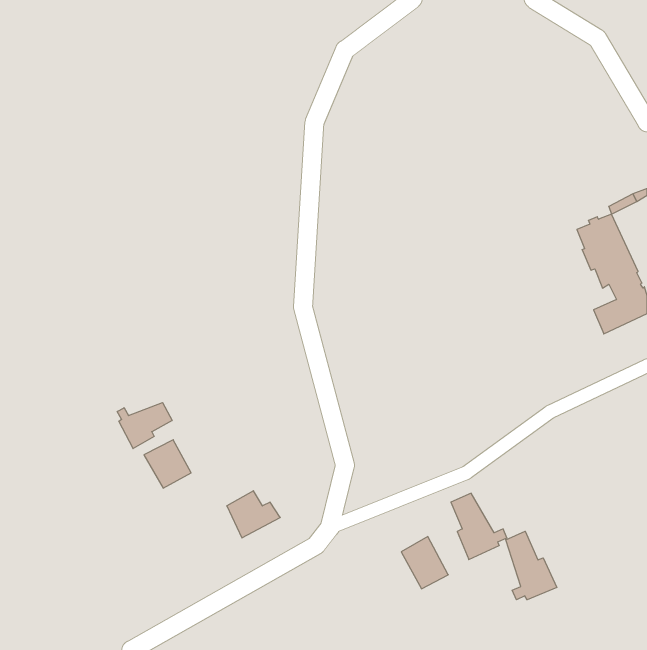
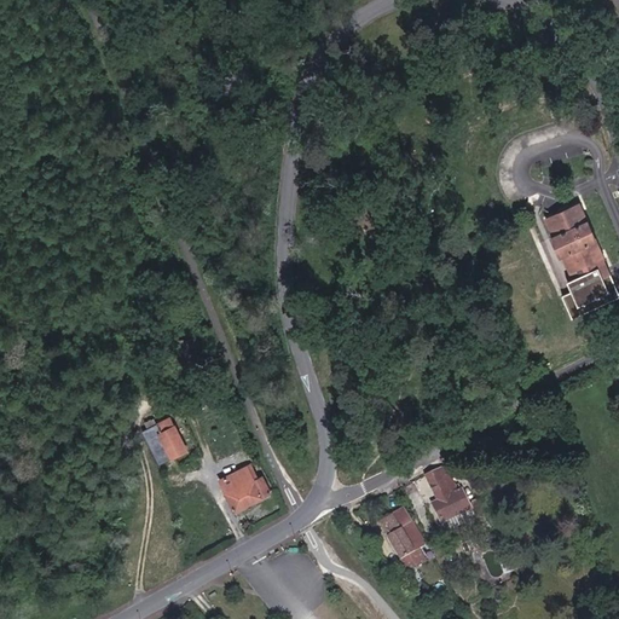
building: [117,403,172,449] -> none
building: [506,531,557,600] -> none

